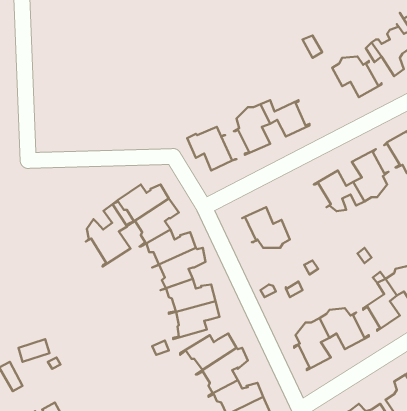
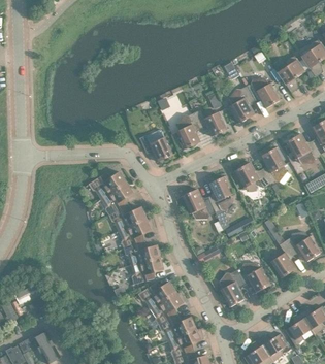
building: none -> [228,87,255,125]
building: none -> [209,175,235,230]
building: [86,204,130,266] -> none

